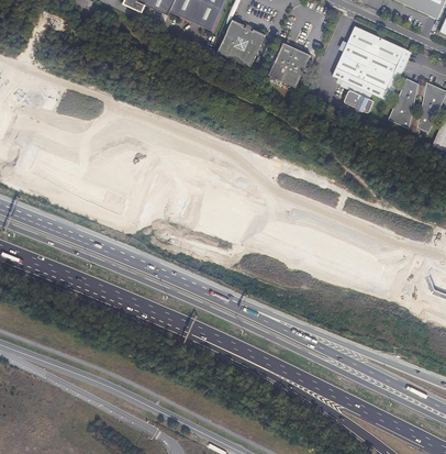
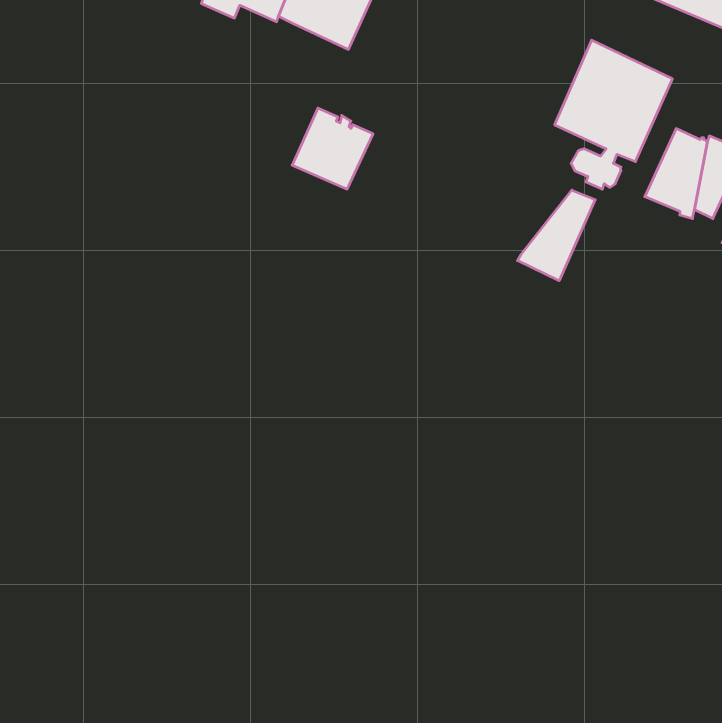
building: [218,19,266,67] -> [292,108,373,189]
building: [268,43,310,87] -> none
building: none -> [517,190,595,281]

